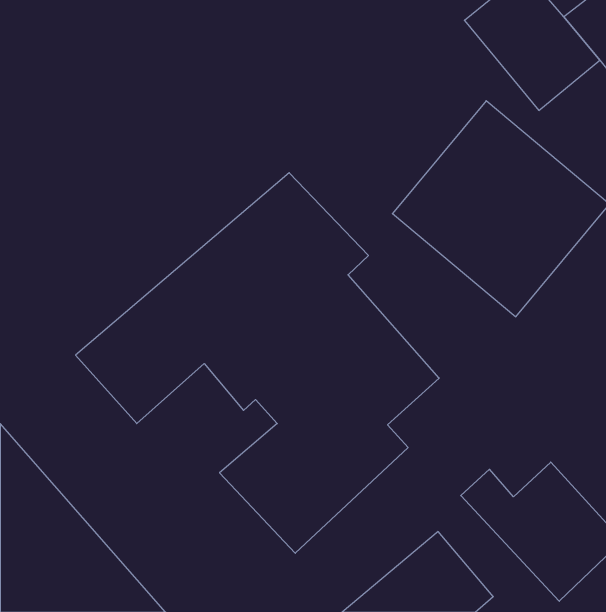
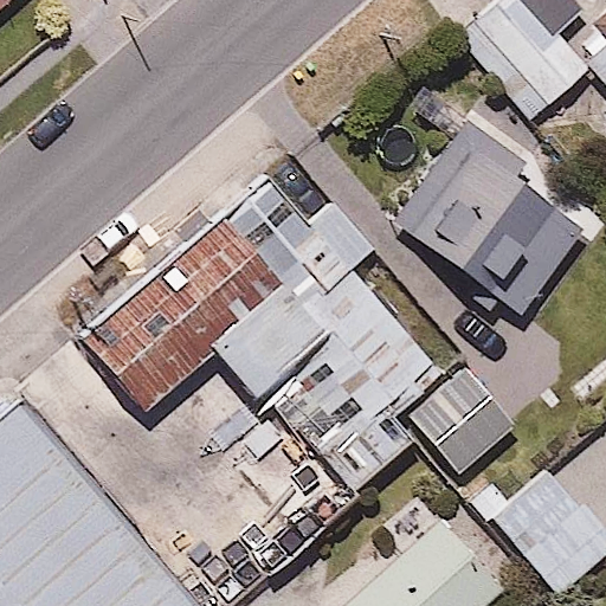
building: none -> [420,382,512,475]

